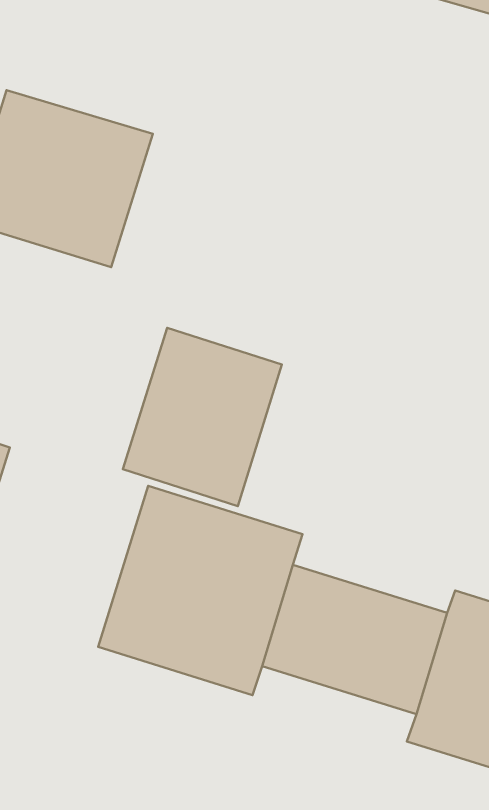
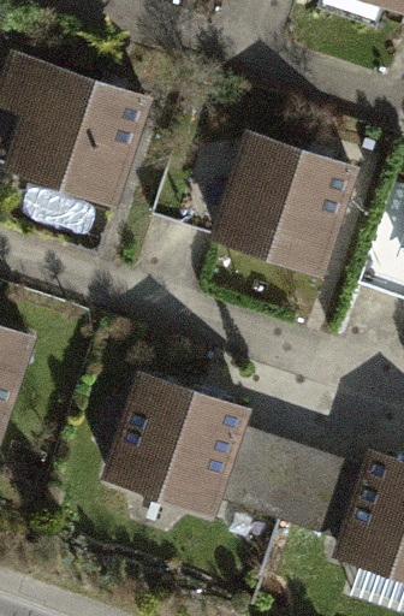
building: none -> [207,130,355,278]
building: [123,328,282,506] -> none

